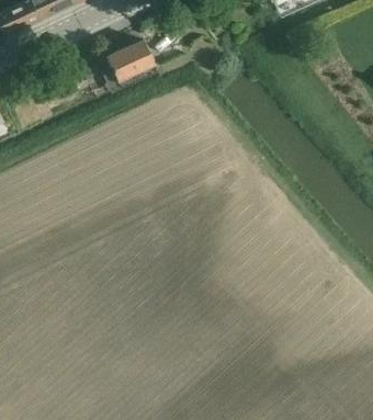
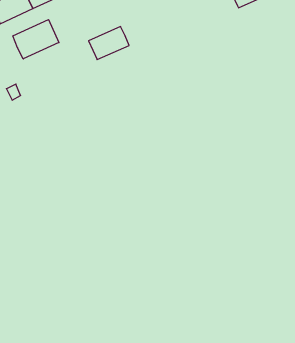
building: none -> [13,20,59,59]

